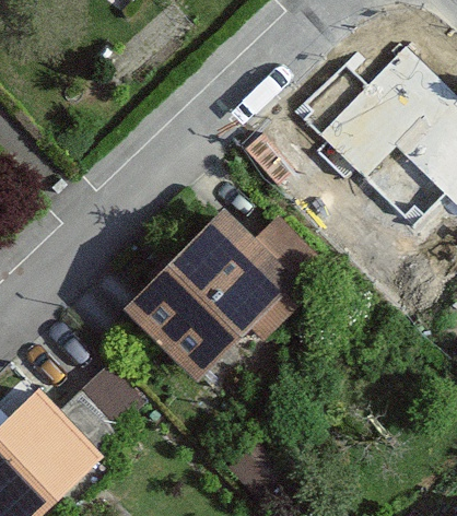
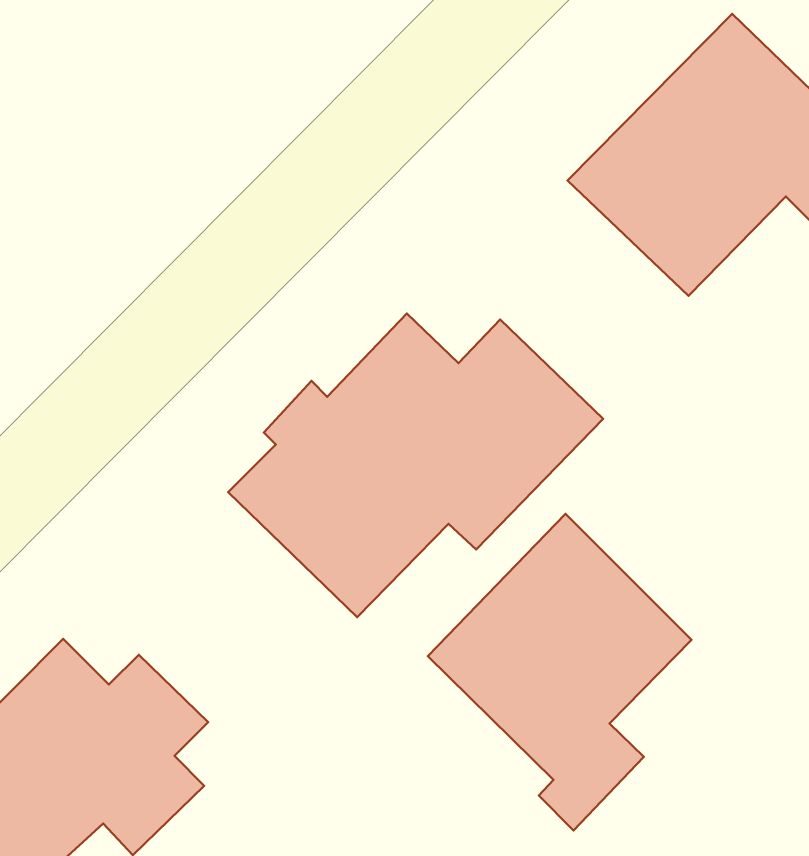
building: none -> [428,514,692,830]

